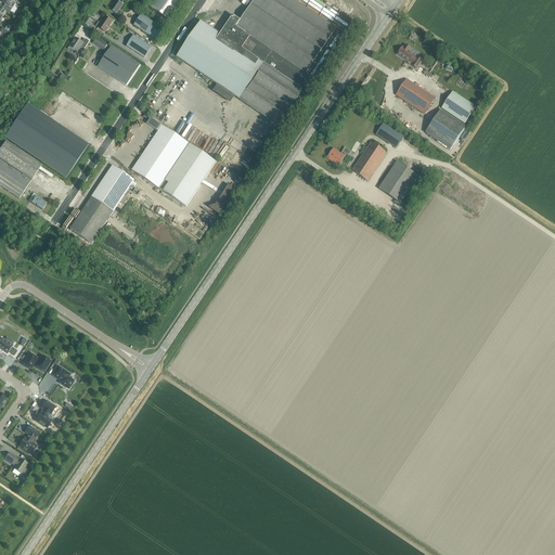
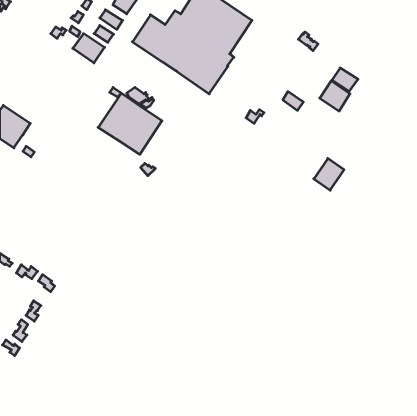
building: [395,77,434,112] -> none
building: [4,103,86,176] -> none
building: [350,141,385,179] -> none
building: [377,159,417,202] -> [314,158,344,190]
building: [69,164,133,242] -> none

